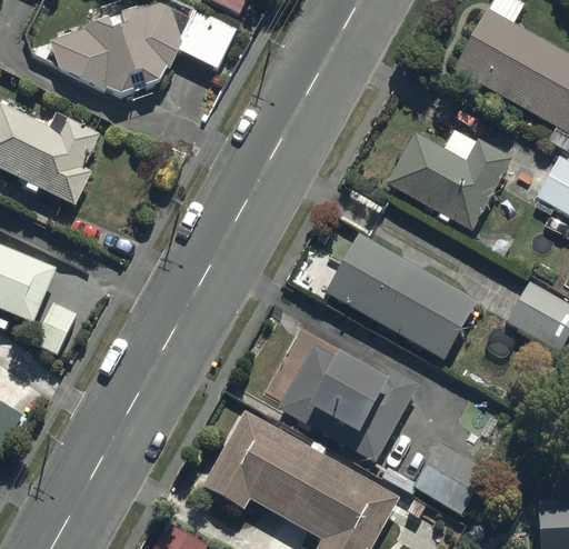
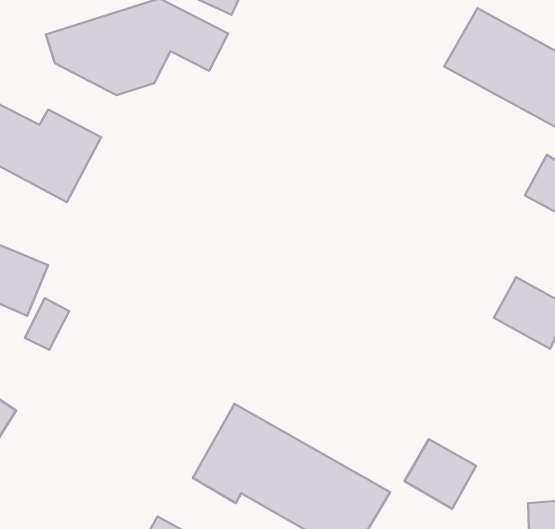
building: [382,128,511,229] -> none
building: [323,232,476,358] -> none
building: [276,339,419,462] -> none

